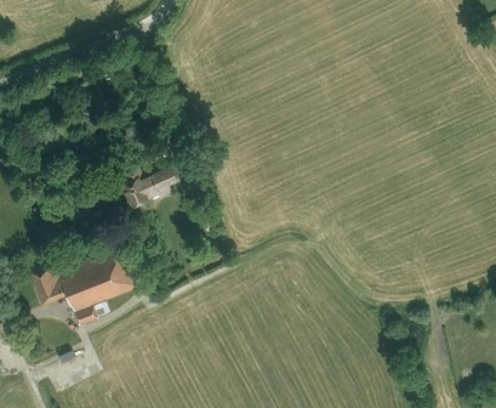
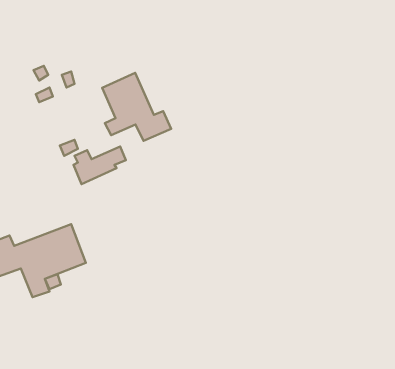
building: none -> [102,73,171,141]

